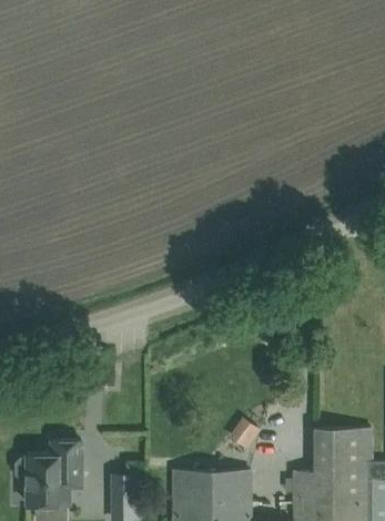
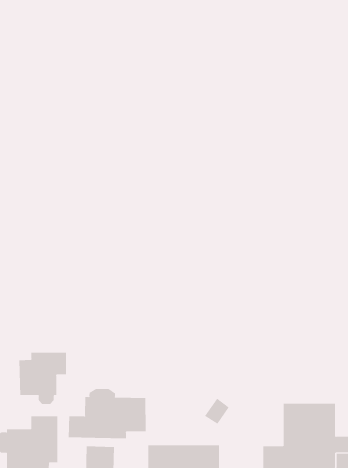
building: none -> [19,352,66,405]
building: none -> [68,388,146,439]

